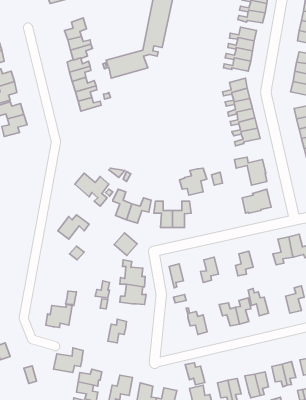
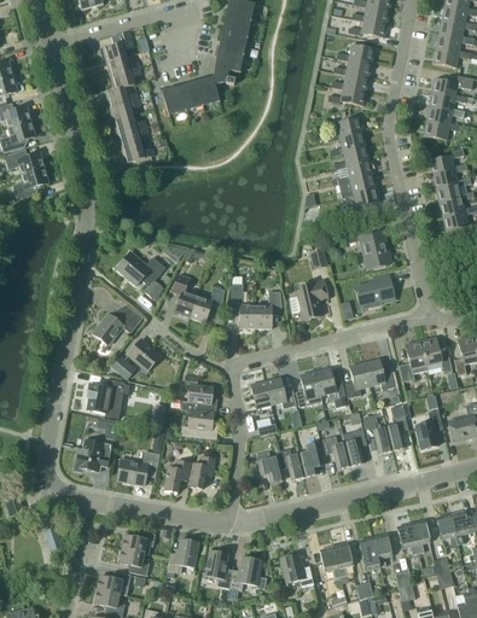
building: [180,168,207,195] -> [289,281,327,320]
building: [114,233,137,256] -> [127,338,159,371]
building: none -> [363,358,394,390]
building: none -> [314,367,345,407]
building: none -> [264,377,295,408]
building: none -> [87,379,129,418]
building: none -> [385,402,408,450]
building: none -> [298,442,322,477]
building: none -> [187,455,215,489]
building: [53,348,83,372] -> [116,450,158,485]
building: [185,363,205,385] -> [255,451,283,483]

